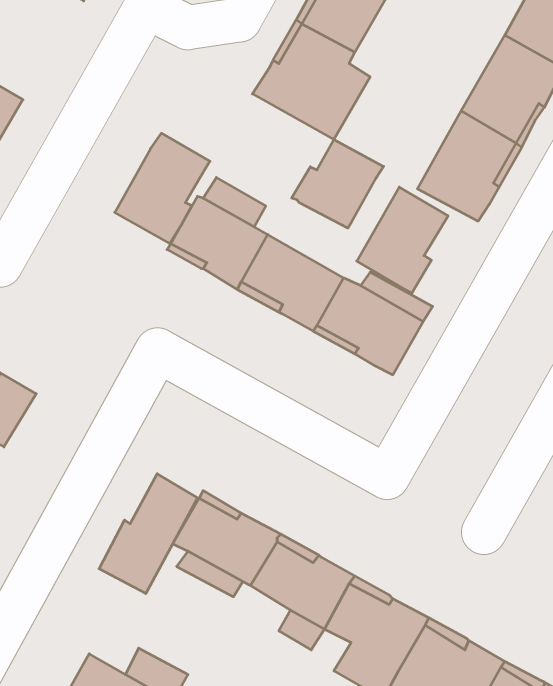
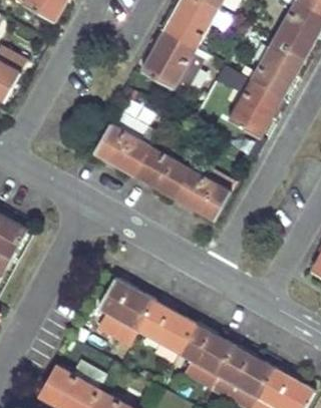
building: [115,133,210,243] -> none
building: [292,139,384,228] -> none
building: [357,187,448,293] -> none
building: [99,474,197,594] -> none

